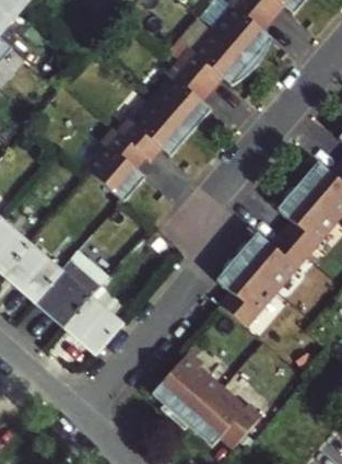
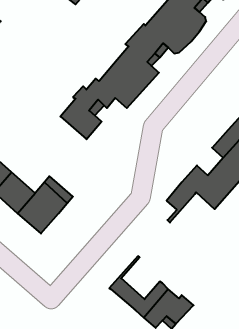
building: [229,267,287,327] -> none
building: [62,294,116,348] -> none
building: [166,351,216,406] -> none

